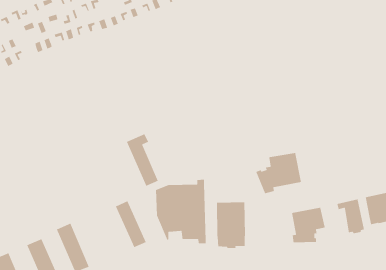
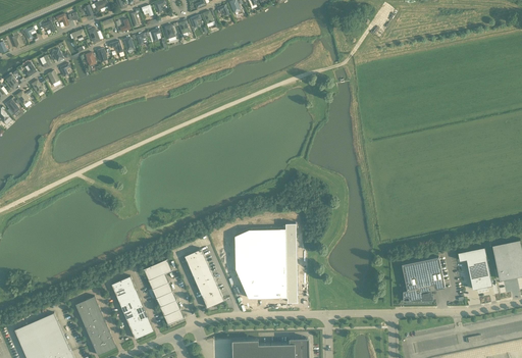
building: [126,133,159,187] -> [143,259,184,325]
building: [255,152,302,194] -> none
building: [216,201,246,249] -> none

